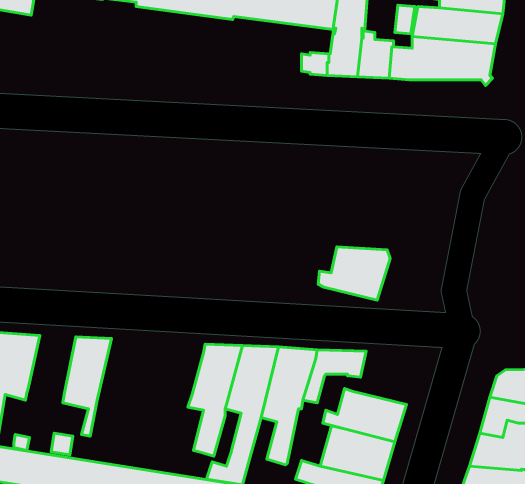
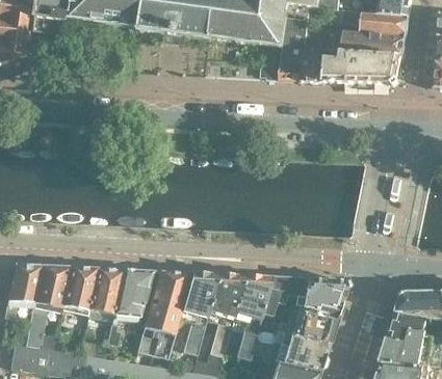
building: [318,247,390,300] -> [293,278,345,317]
building: none -> [62,267,97,312]
building: none -> [107,269,152,341]
building: none -> [137,271,190,357]

